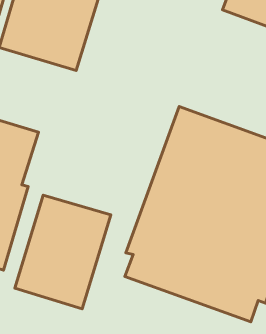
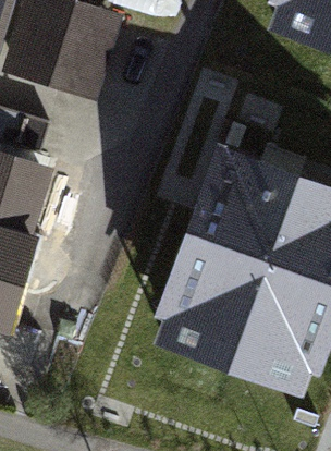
building: [15,195,111,309] -> none

